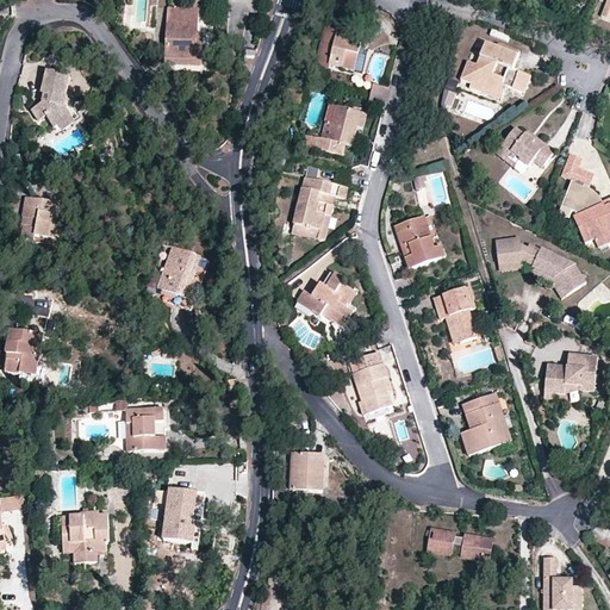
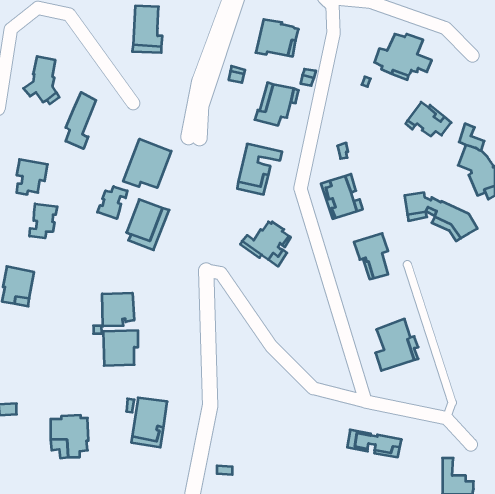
building: none -> [66,92,96,149]
building: none -> [123,139,171,188]
building: none -> [97,186,127,219]
building: none -> [30,204,57,238]
building: [348,350,391,412] -> none
building: [542,353,596,393] -> none
building: none -> [102,293,134,326]
building: [293,453,323,490] -> none

